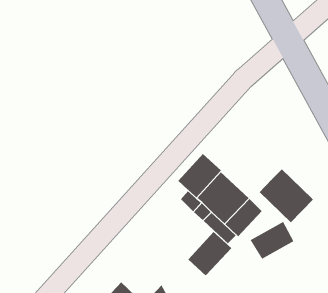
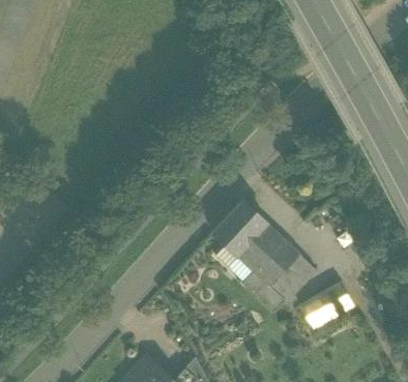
building: [259,168,314,223] -> none
building: [187,231,232,276] -> none

